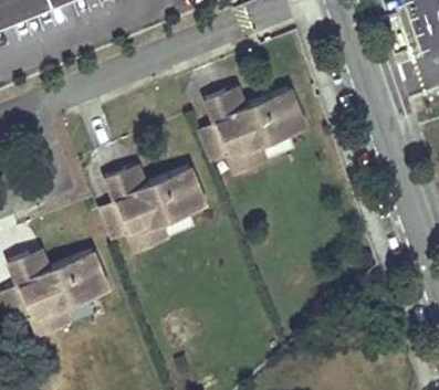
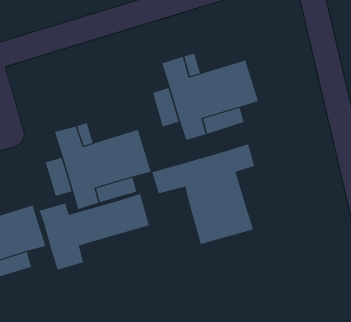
building: none -> [151,144,255,245]
building: none -> [39,193,149,271]

